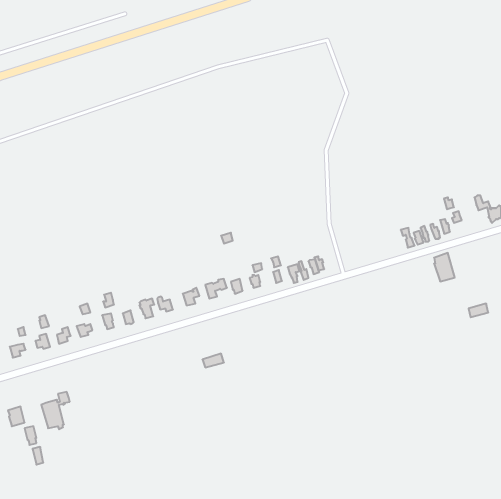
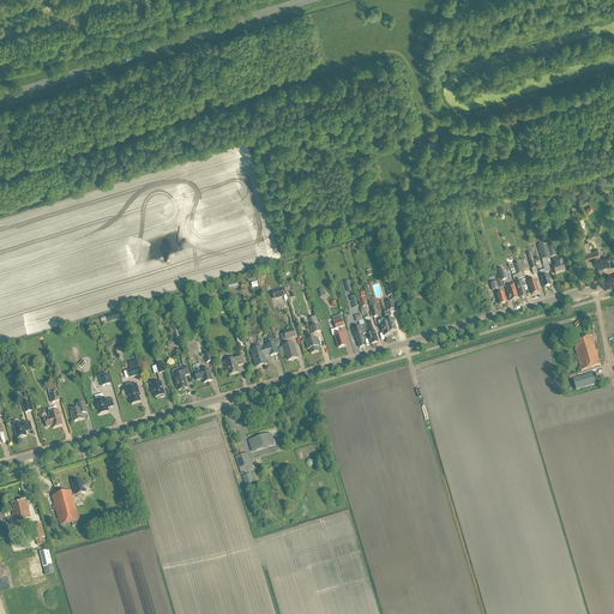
building: [434,253,455,281] -> [573,333,598,368]

